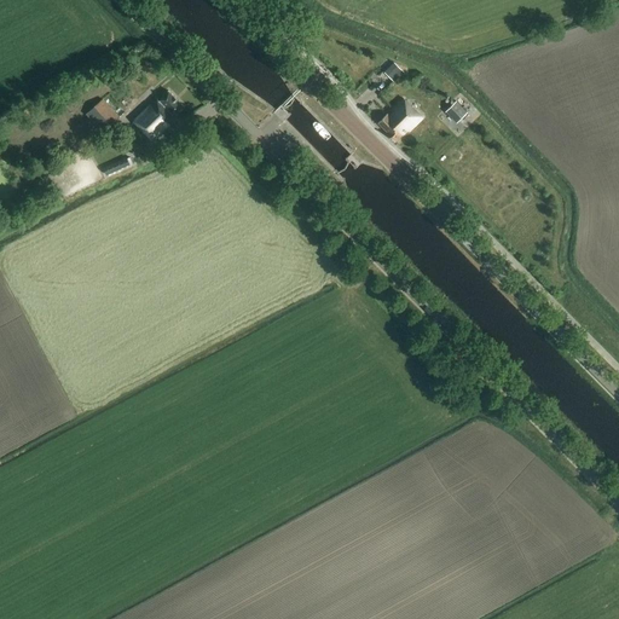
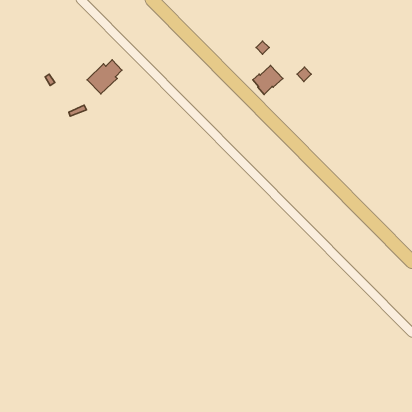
building: [85,99,117,133] -> none

